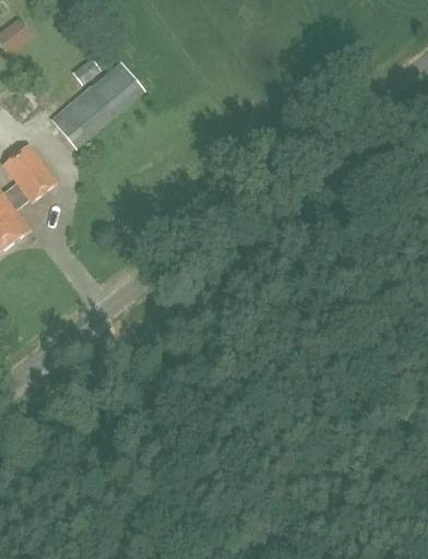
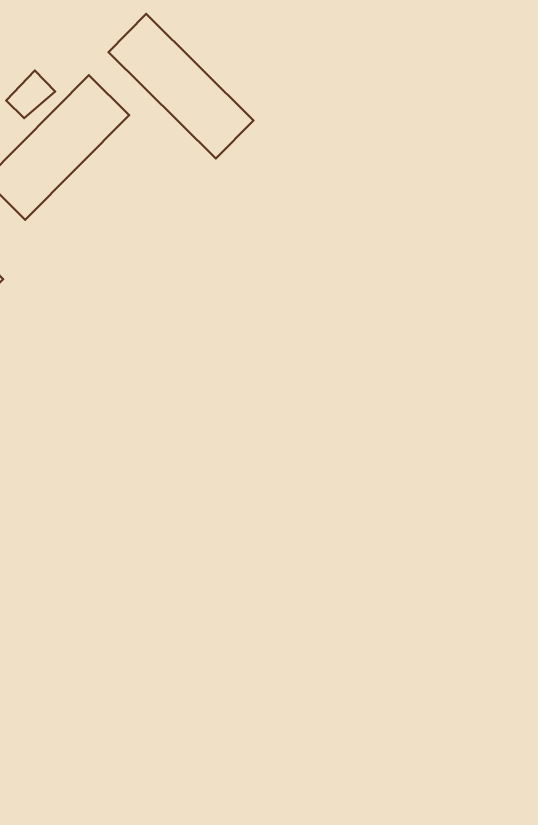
building: none -> [108,14,254,159]

